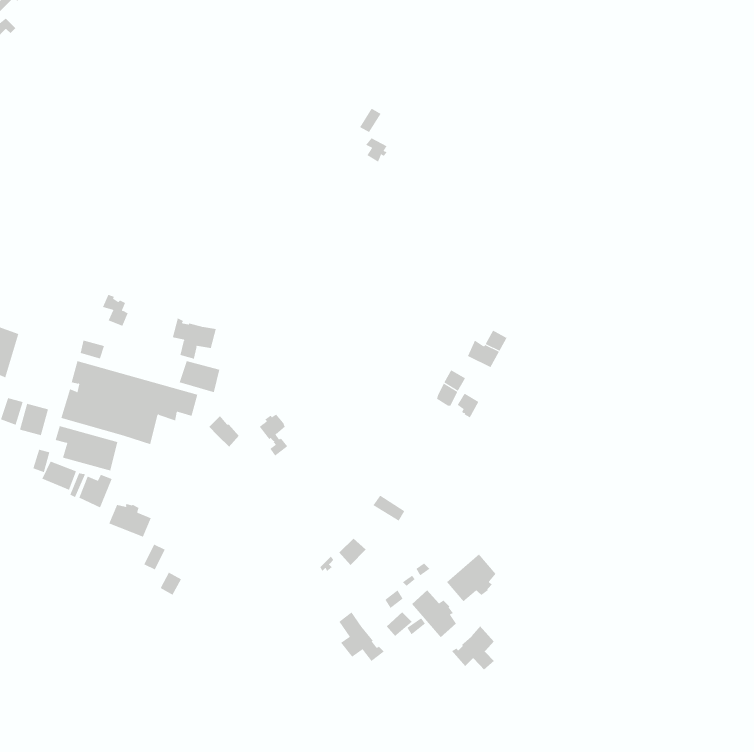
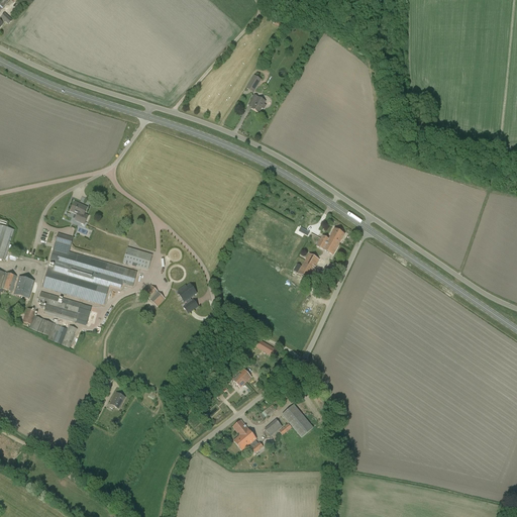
building: [172,318,216,359] -> none
building: [109,503,151,538] -> none
building: [446,553,496,602] -> none
building: [451,626,495,671] -> none

